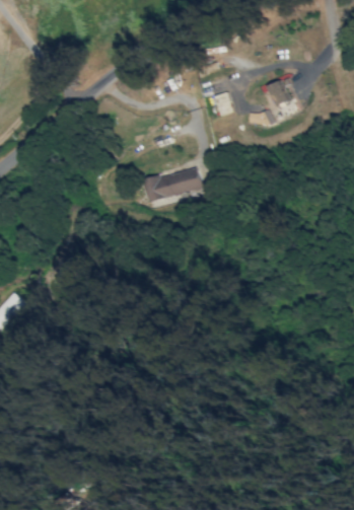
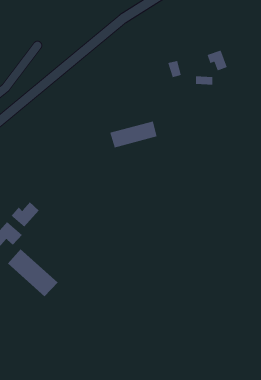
building: none -> [10,201,40,228]
building: none -> [7,248,59,297]

